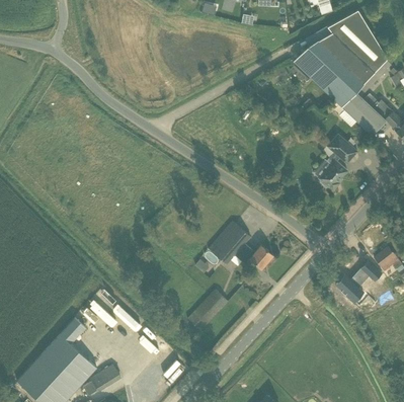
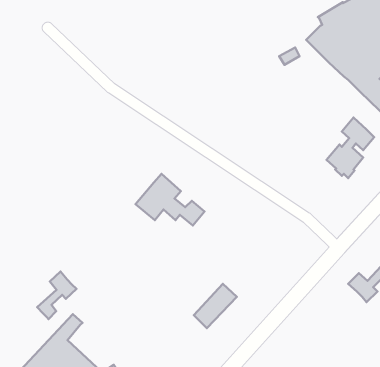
building: [209,220,273,268] -> [136,174,205,226]
building: none -> [37,271,77,319]

